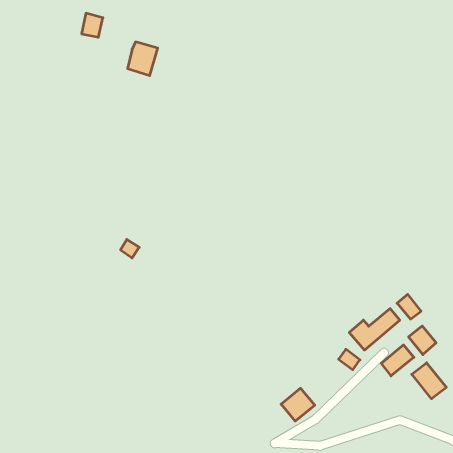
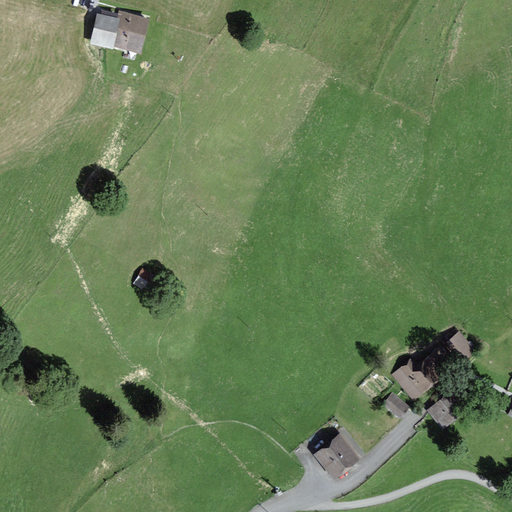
building: [128,42,158,76] -> [111,12,145,50]
building: [409,326,436,355] -> none
building: [412,363,446,399] -> none

